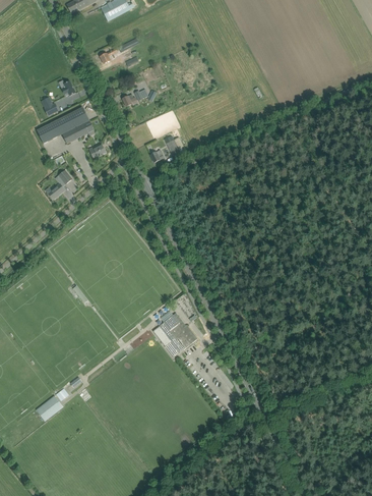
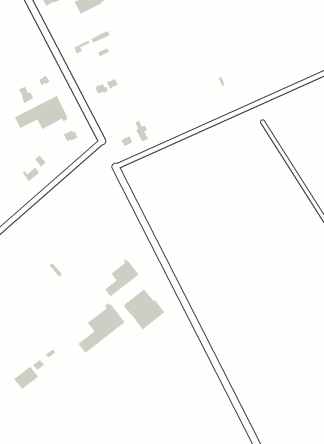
building: none -> [104,258,140,297]
building: none -> [77,302,126,354]

